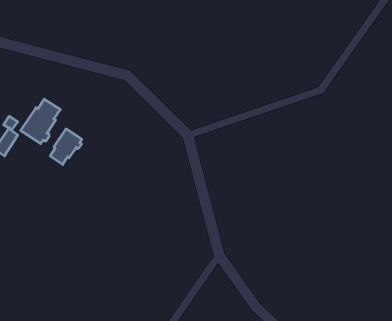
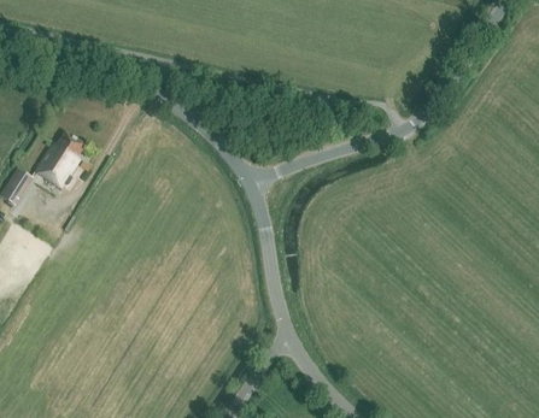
building: [50,129,82,165] -> none

